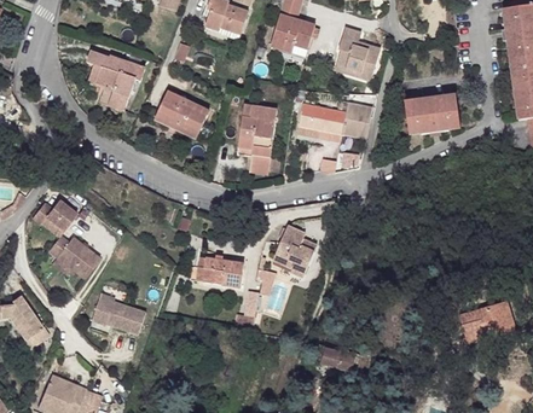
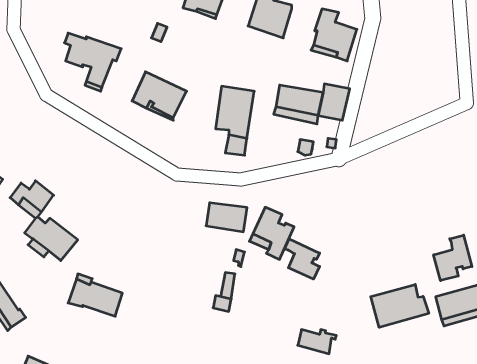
building: [404,94,460,134] -> none
building: none -> [434,235,472,281]
building: none -> [284,239,320,279]
building: [202,258,243,287] -> [206,203,247,232]
building: none -> [371,284,429,327]

